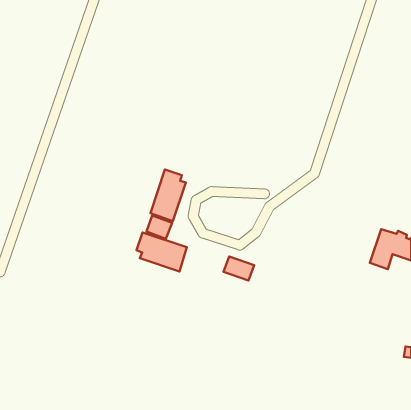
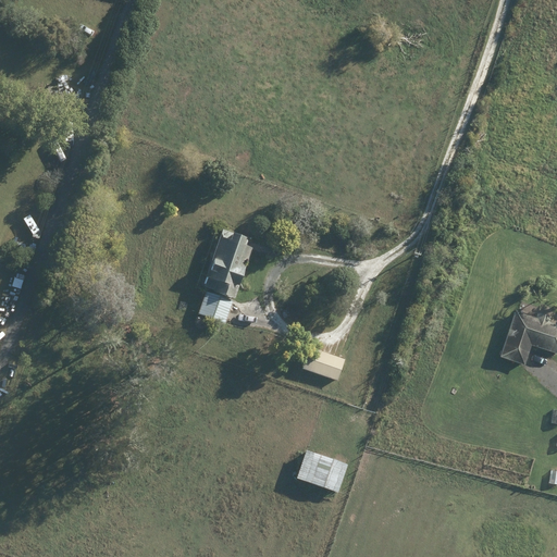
building: [136,232,187,271] -> none
building: none -> [296,450,347,493]

